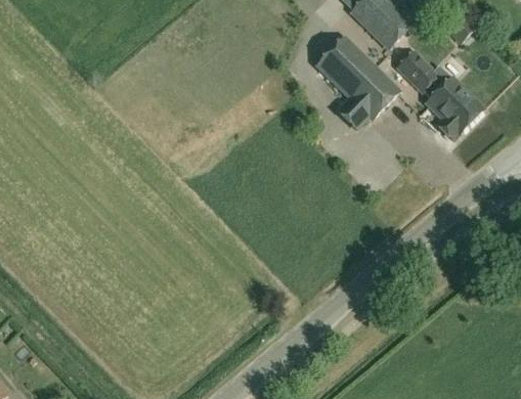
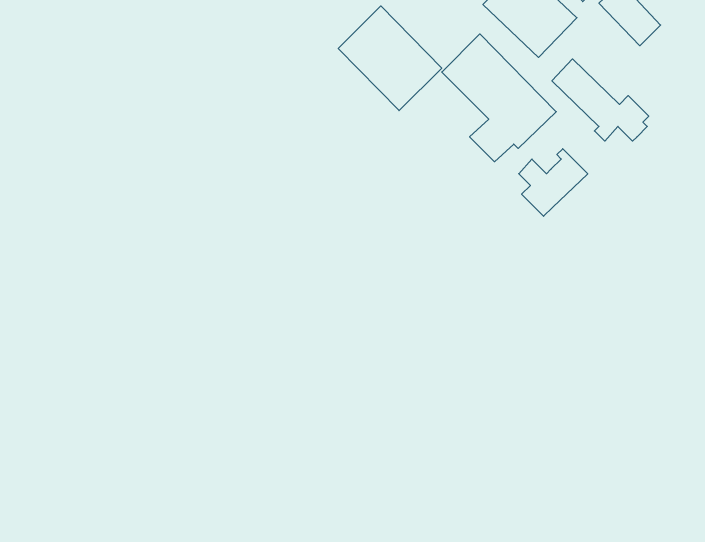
building: none -> [338,6,442,111]
building: [433,92,481,139] -> [519,149,588,216]

